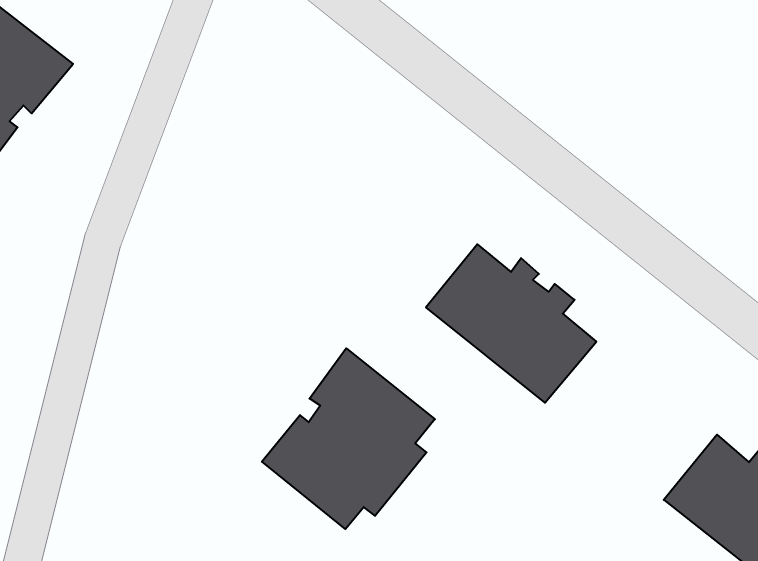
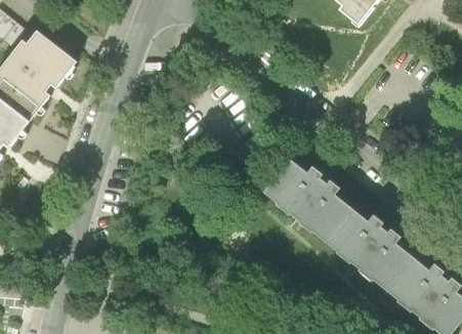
building: none -> [323,206,412,288]
building: [262,348,435,529] -> none

